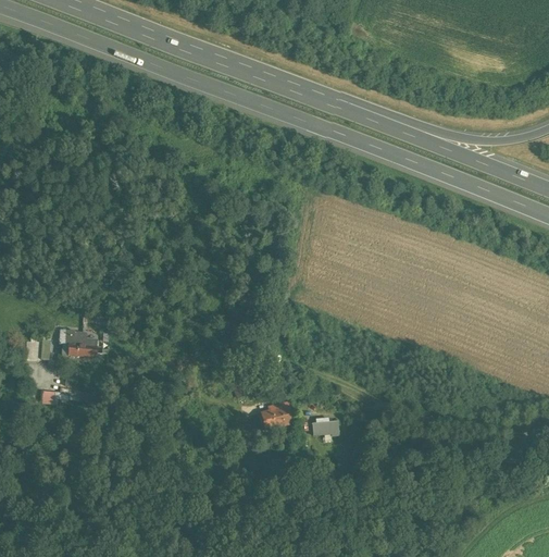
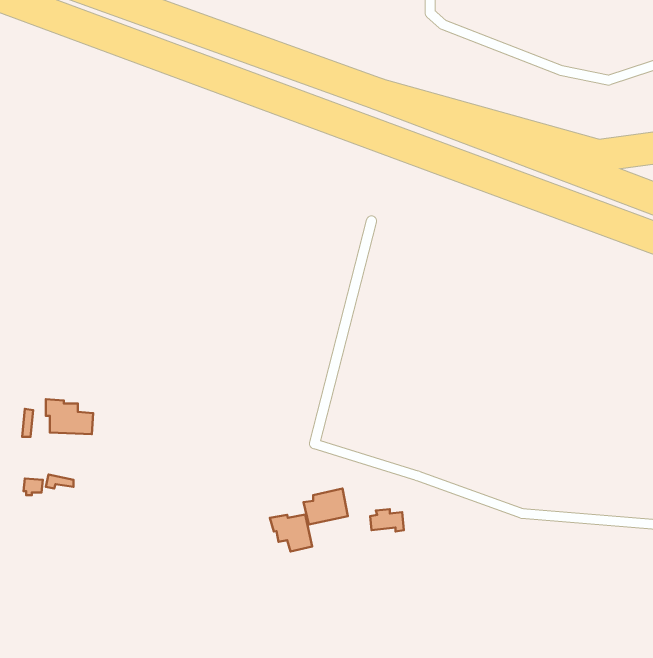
building: none -> [270,515,312,552]

